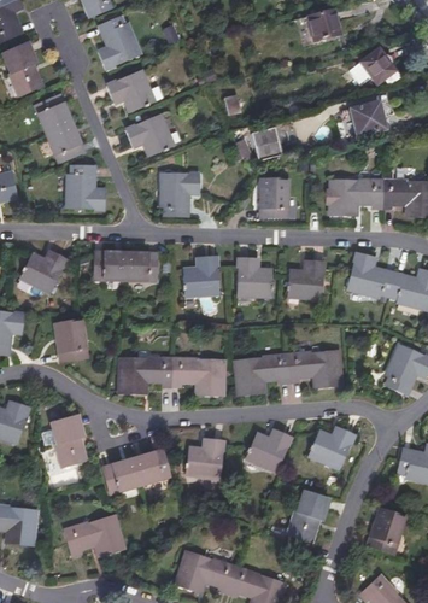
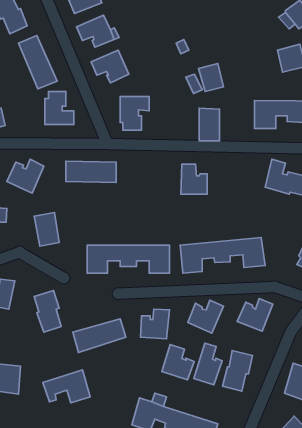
building: [182,257,218,295] -> none
building: [288,260,322,299] -> none
building: none -> [194,343,222,385]
building: none -> [162,345,194,380]

